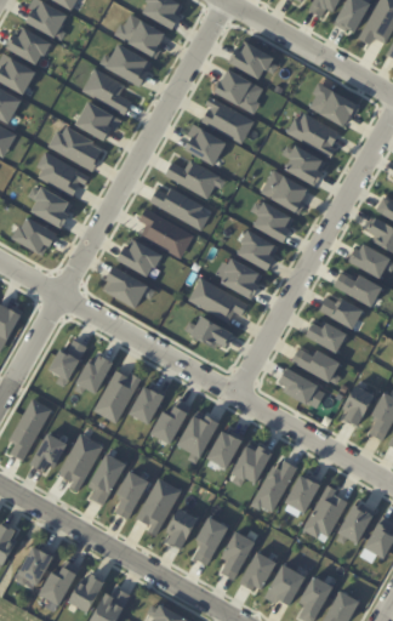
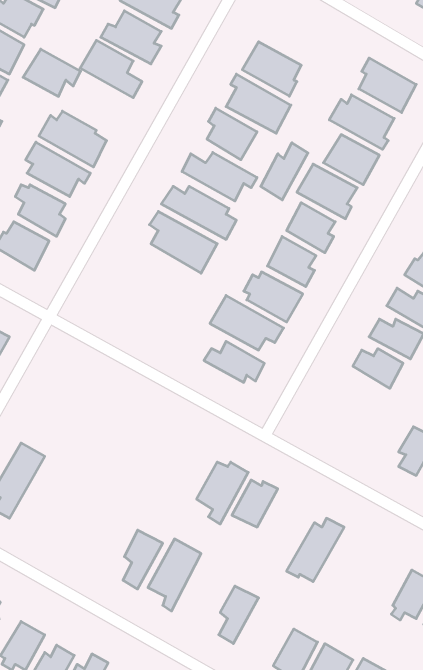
building: [233,40,275,79] -> none
building: [74,101,121,139] -> [23,49,81,96]
building: none -> [261,143,308,200]
building: [116,239,163,275] -> none
building: [106,266,156,308] -> none
building: [49,338,86,386] -> none
building: [291,347,341,384] -> none
building: [73,353,114,393] -> none
building: [278,366,325,408] -> none
building: [93,369,142,423] -> none
building: [129,384,164,423] -> none
building: [150,404,188,444] -> none
building: [29,432,67,471] -> none
building: [59,432,103,490] -> none
building: [232,443,273,485] -> none
building: [89,452,126,505] -> none
building: [285,473,321,513] -> none
building: [302,483,348,536] -> none
building: [166,507,199,548] -> none
building: [222,530,255,577] -> none

